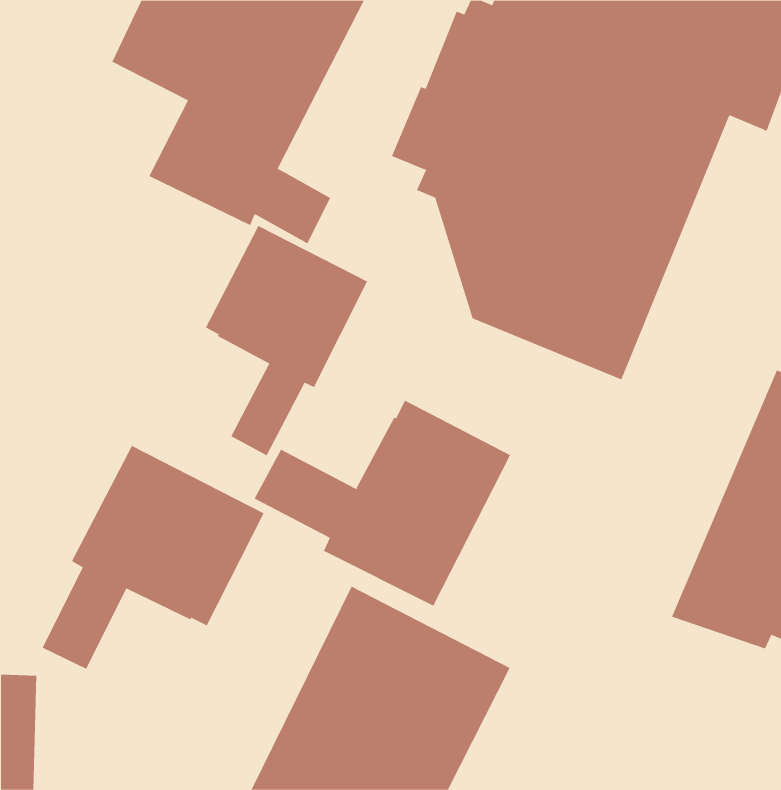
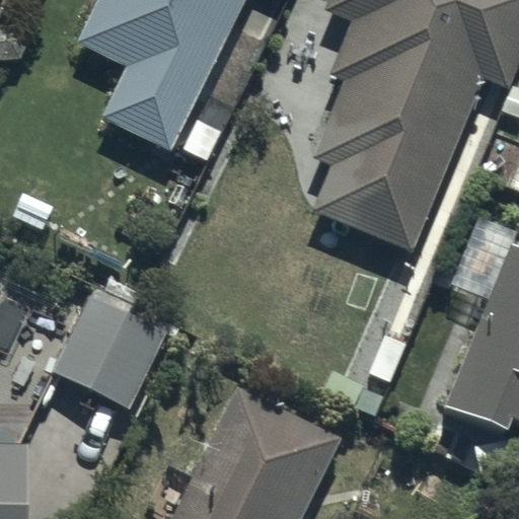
building: [205,225,368,456] -> none
building: [254,400,511,606] -> none

